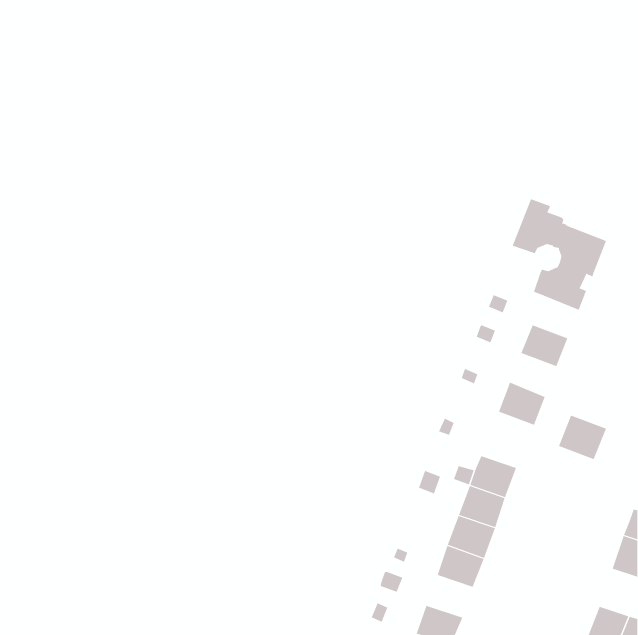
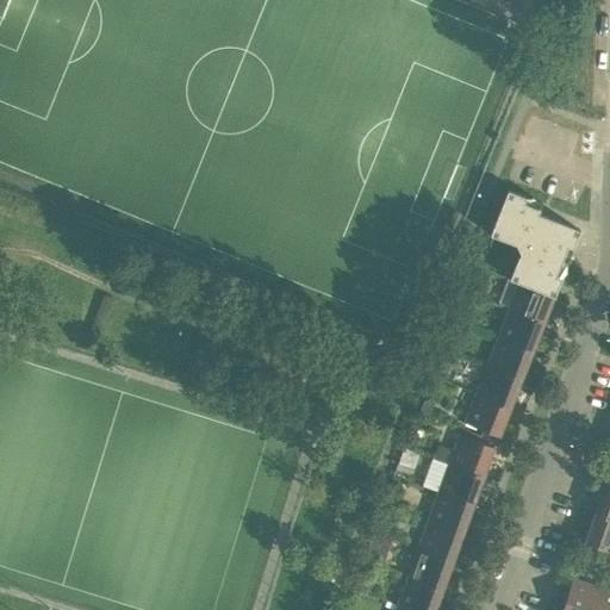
building: none -> [508,285,553,325]
building: none -> [486,340,531,381]
building: [558,415,607,460] -> [463,396,510,438]
building: none -> [406,552,452,592]

